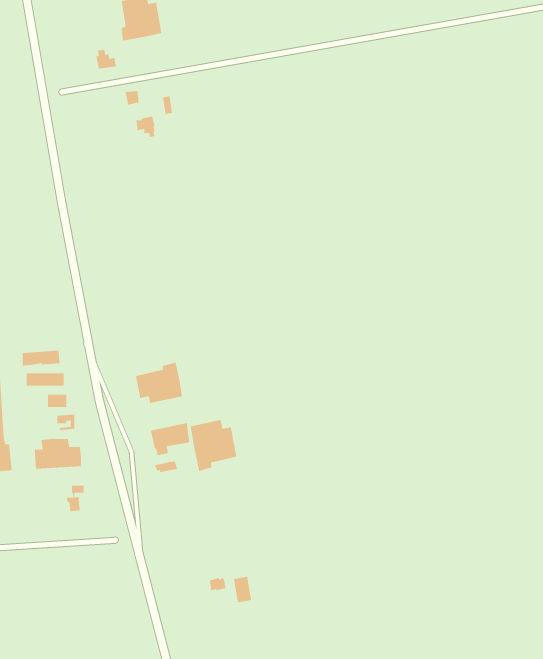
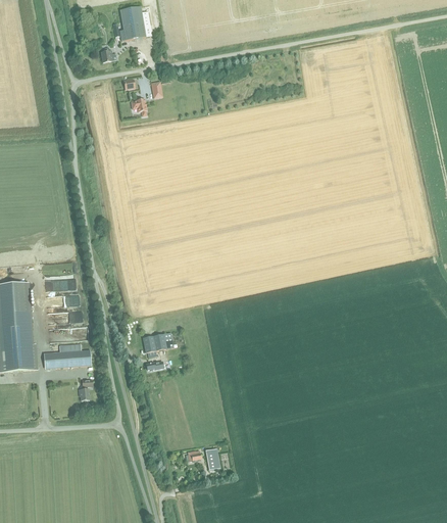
building: [136,362,183,404] -> none
building: [190,419,237,472] -> none

